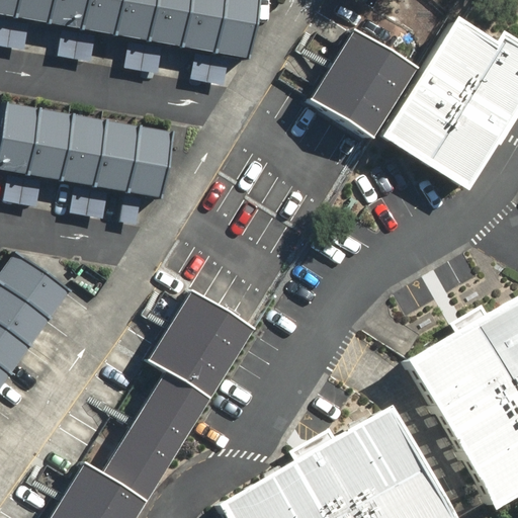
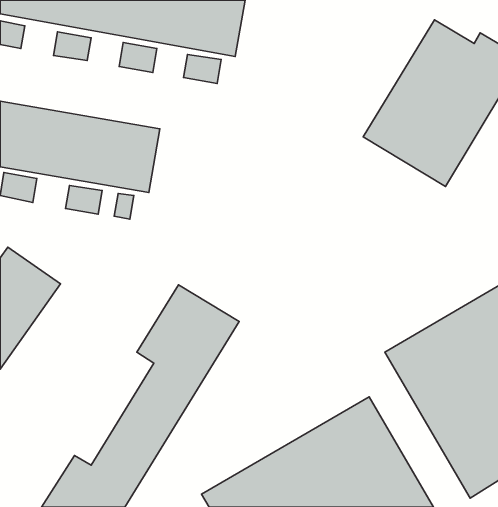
building: [311,29,416,139] -> none

